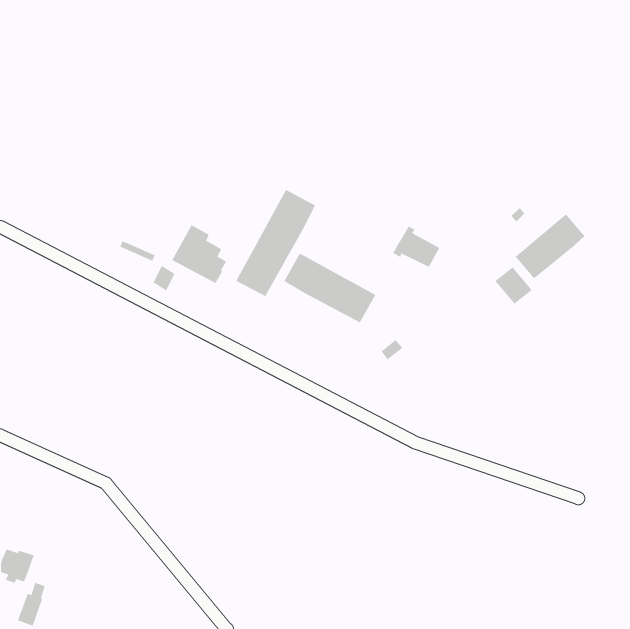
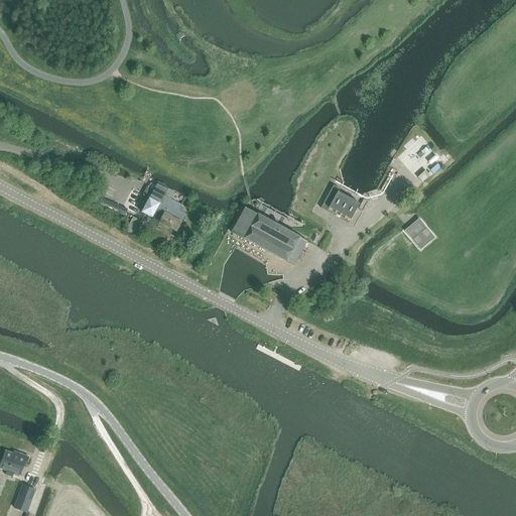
building: [235,189,316,297] -> none
building: [515,214,585,279] -> none

